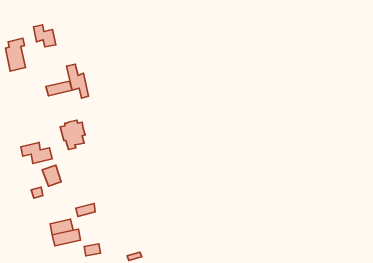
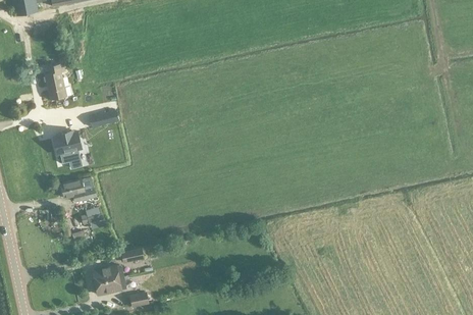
building: [34,25,56,47] -> none
building: [67,64,88,98] -> none
building: [60,120,85,150] -> [52,130,80,163]

